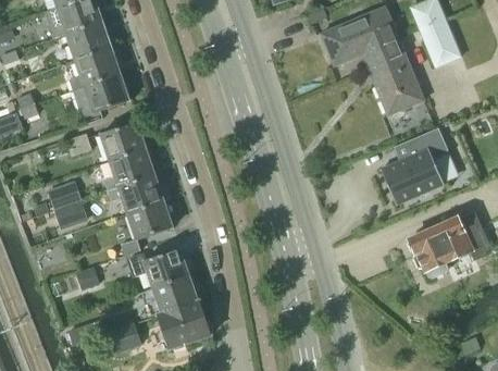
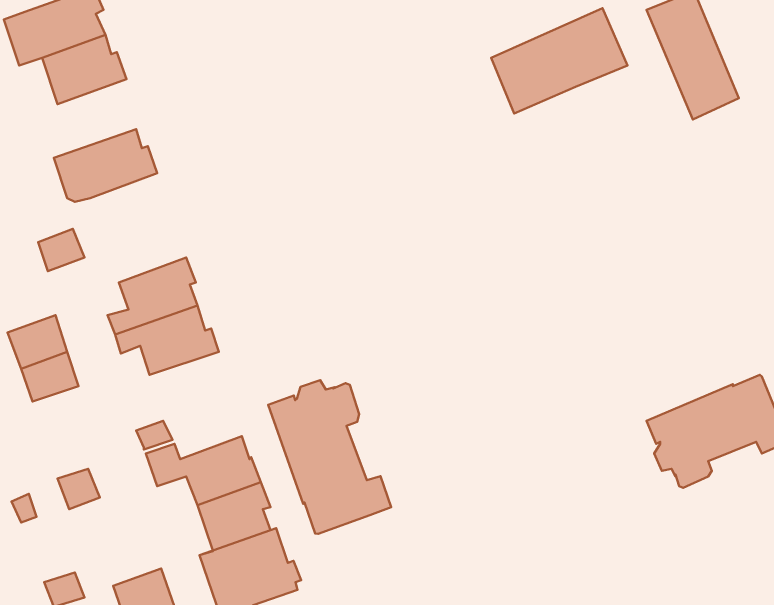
building: [368,38,424,115] -> none
building: [69,46,120,90] -> none
building: [100,122,148,161] -> none
building: [382,128,447,202] -> none
building: [127,200,172,239] -> none
building: none -> [268,380,391,534]

